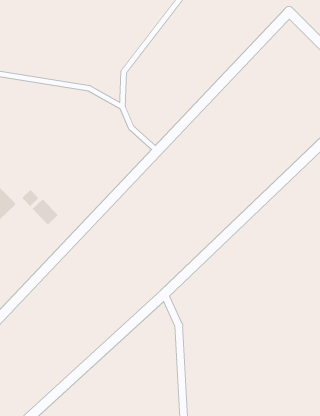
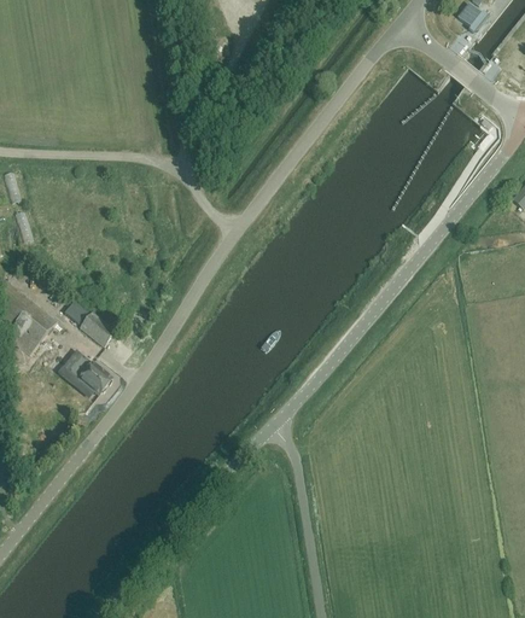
building: none -> [70,363,111,395]

